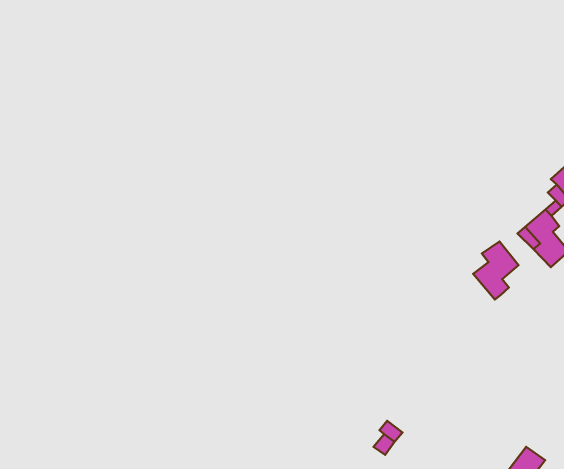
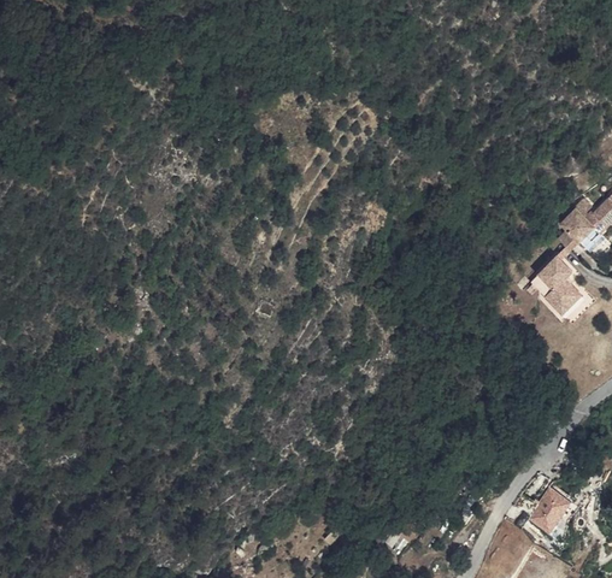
building: [473,241,518,300] -> none

